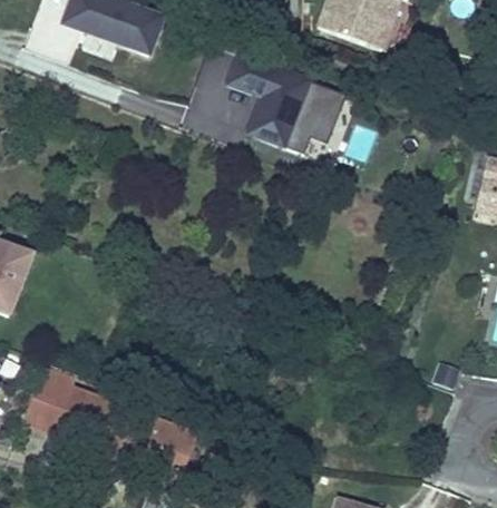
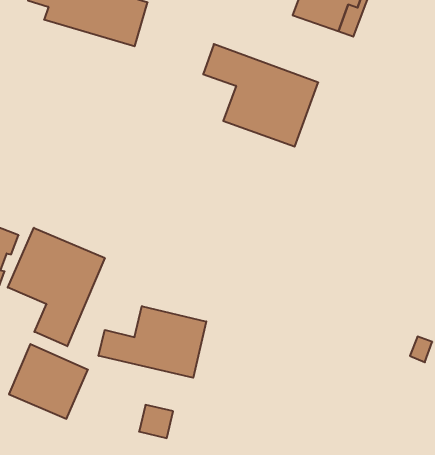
building: none -> [8,228,105,346]
building: none -> [99,306,206,378]

